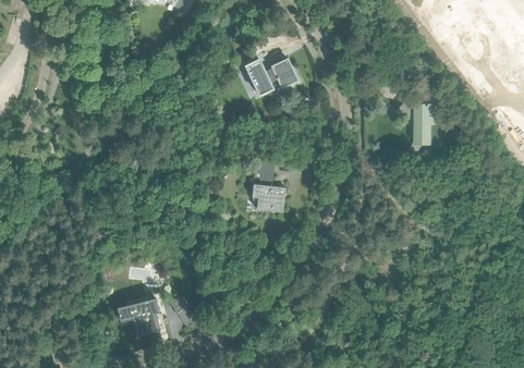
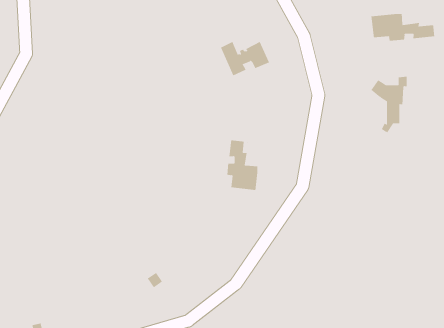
building: none -> [371,13,435,42]
building: [117,297,159,339] -> none

